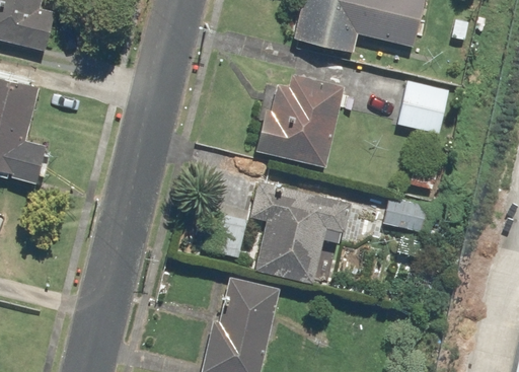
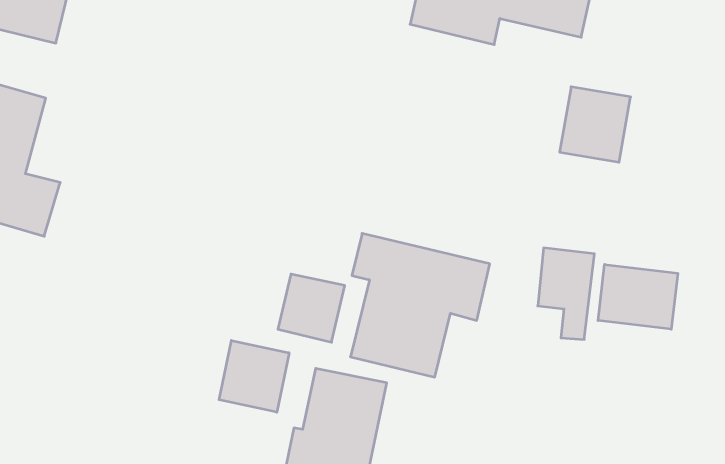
building: [255,76,342,166] -> none
building: none -> [598,264,678,329]
building: none -> [219,340,289,412]

